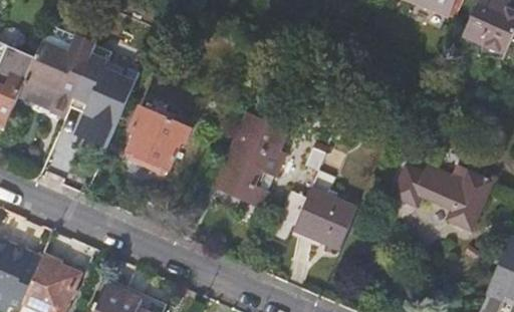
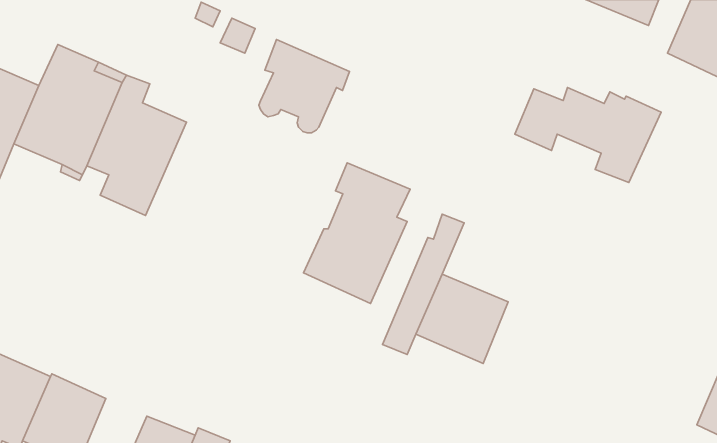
building: [127,108,190,173] -> [259,39,350,133]
building: [393,165,493,230] -> [515,87,661,183]

